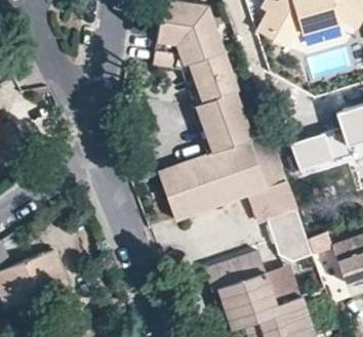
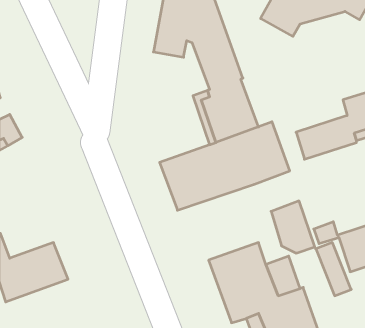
building: [251,181,295,223] -> none

